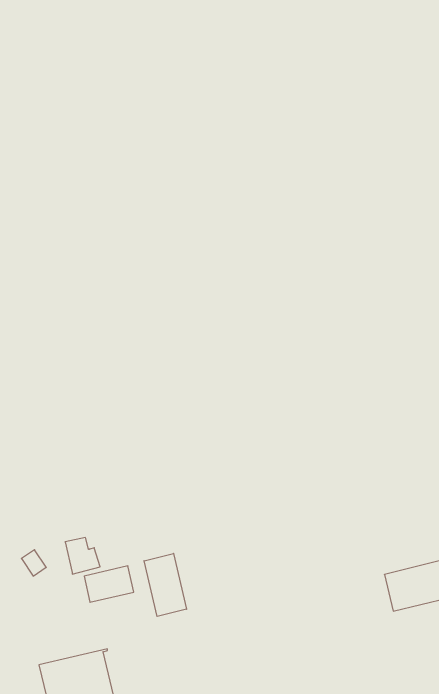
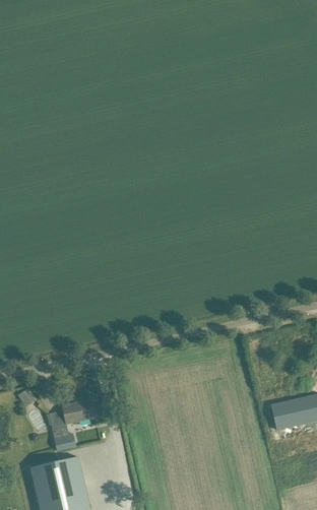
building: [65,538,100,574] -> [51,426,75,451]
building: [144,553,187,616] -> none

